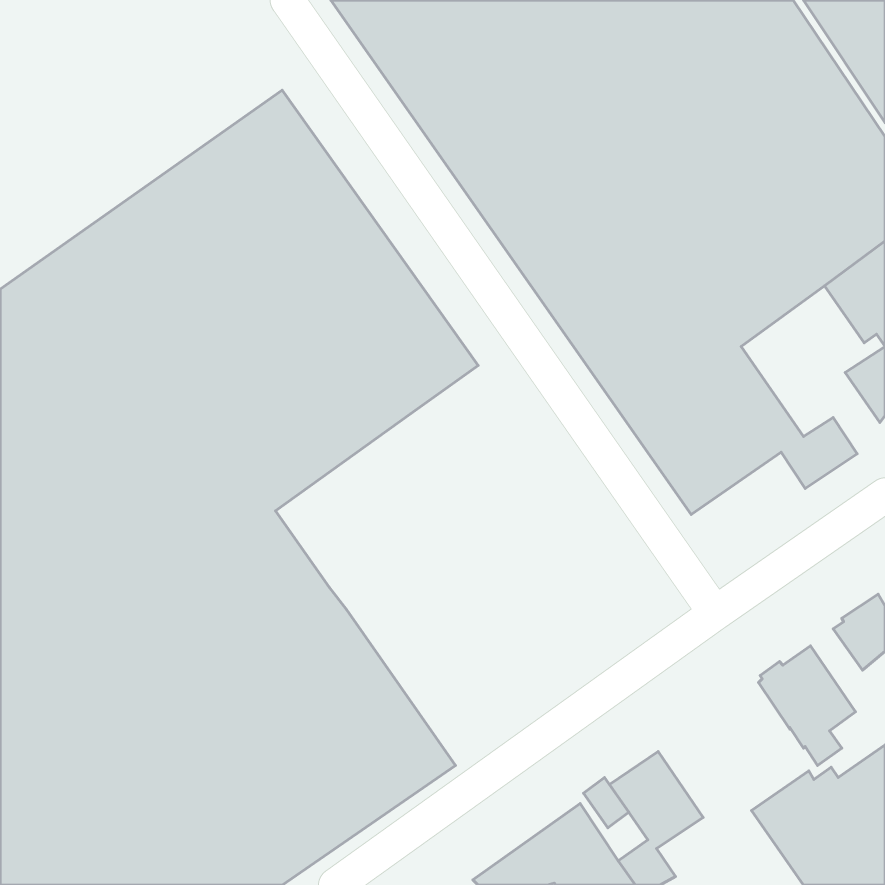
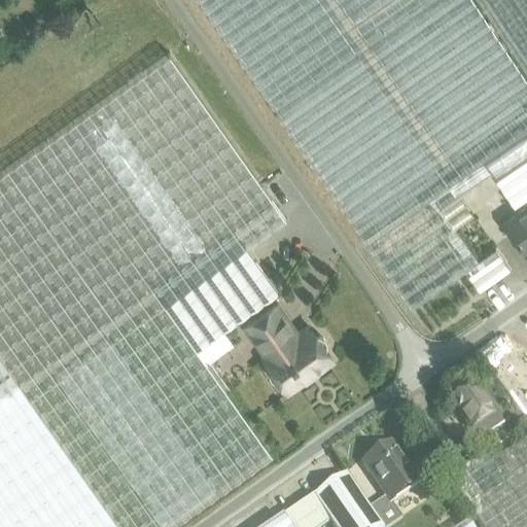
building: none -> [164,246,276,362]
building: none -> [245,306,329,391]

